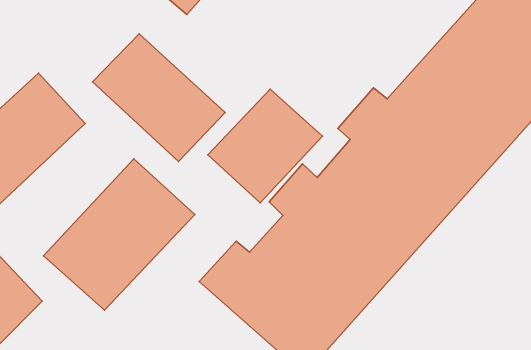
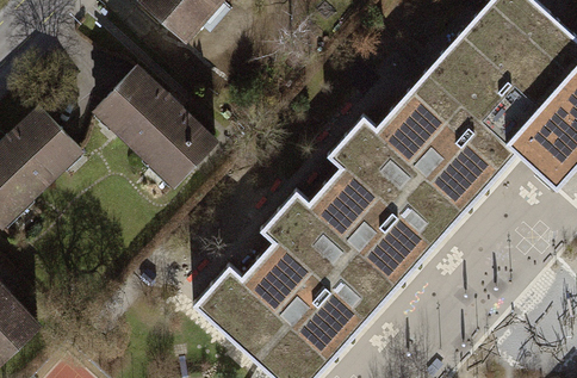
building: [208,89,322,203] -> none
building: [43,159,195,310] -> none

